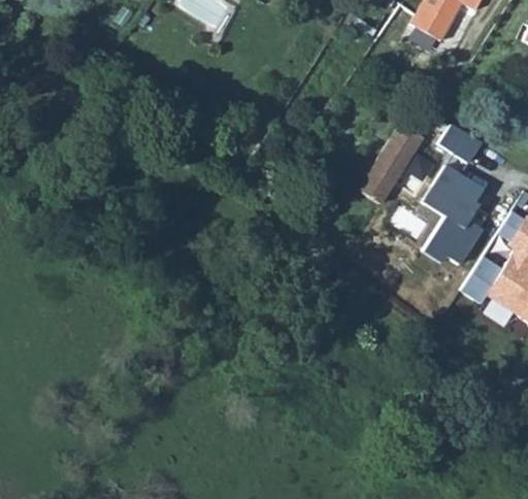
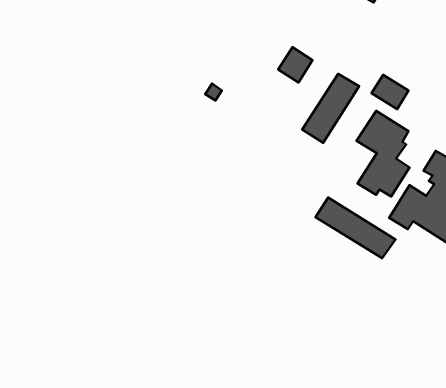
building: none -> [278,47,313,82]
building: none -> [315,197,396,258]

